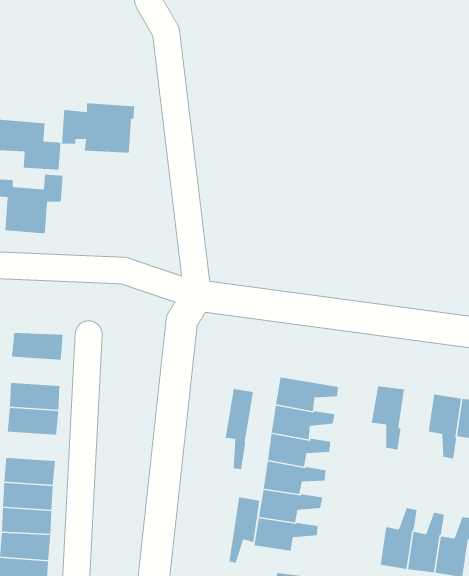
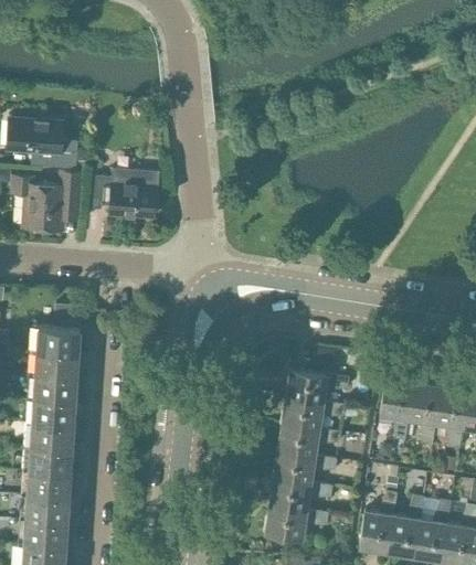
building: [61,102,135,154] -> [87,170,159,220]
building: none -> [29,351,78,379]
building: [225,388,254,470] -> none
building: none -> [406,382,440,446]
building: none -> [24,424,74,451]
building: [229,497,260,564] -> none
building: none -> [359,492,398,553]

